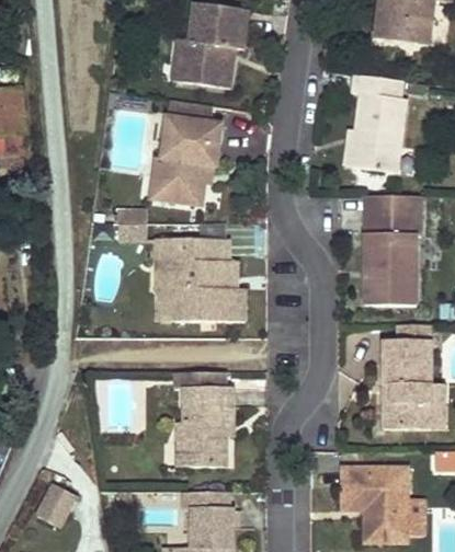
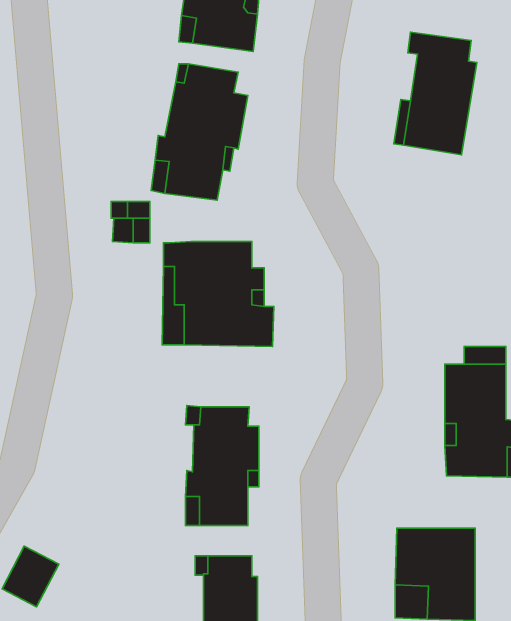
building: [362,194,420,303] -> none

